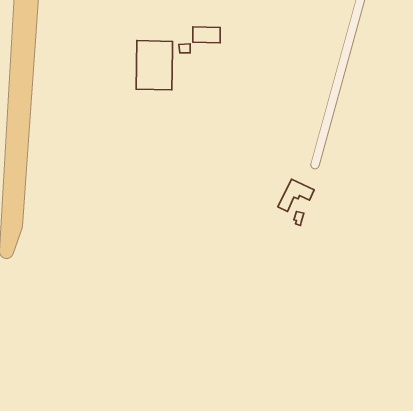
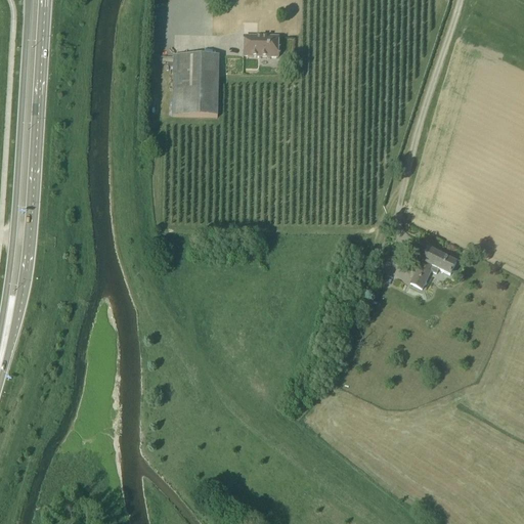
building: [278,179,314,212] -> [410,247,456,288]

